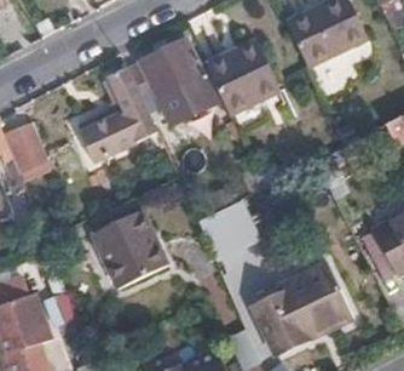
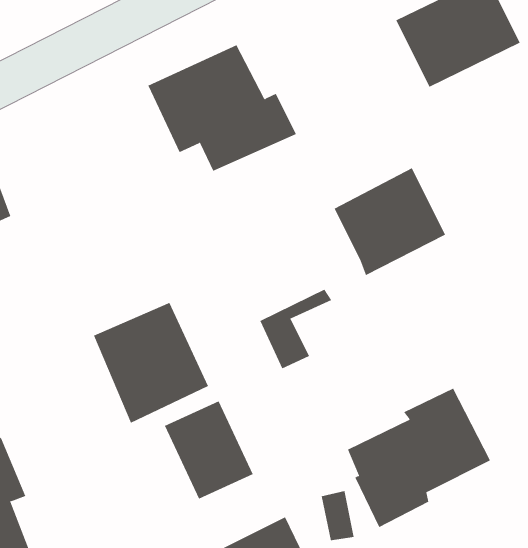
building: [204,40,277,110] -> [334,168,446,276]
building: [81,69,155,167] -> none
building: none -> [164,400,253,499]

